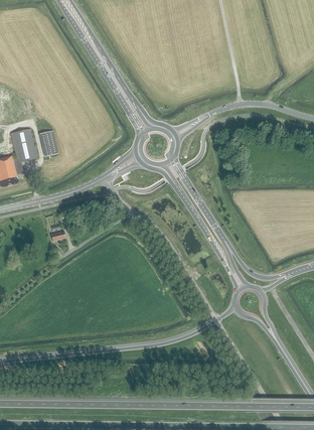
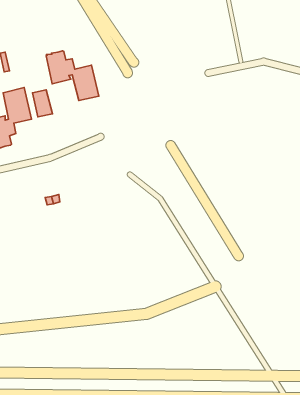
building: none -> [46,51,99,100]

